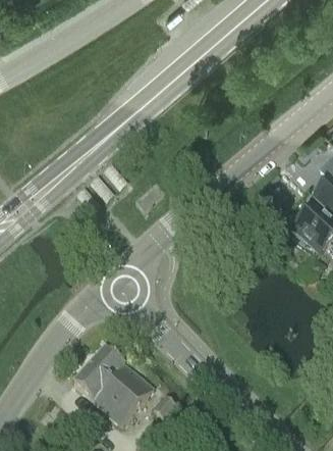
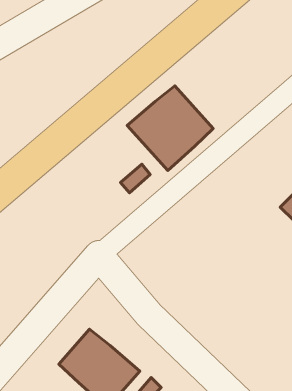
building: none -> [127,86,213,171]

